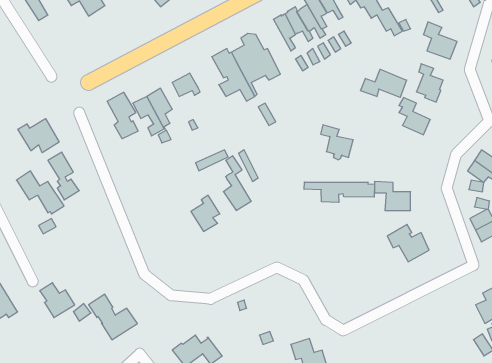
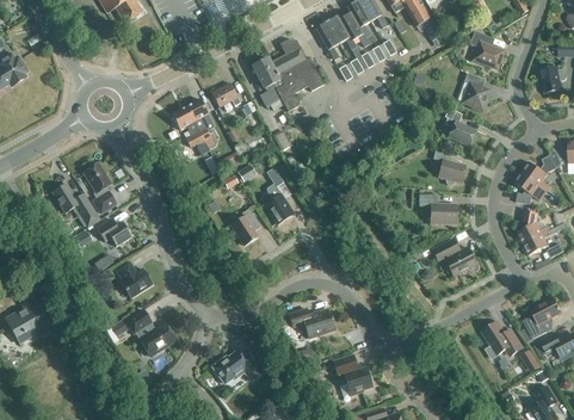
building: [360,69,407,97] -> none
building: [107,92,138,139] -> none
building: [18,119,59,153] -> none
building: [321,125,353,160] -> [432,149,465,185]
building: [304,182,375,202] -> none
building: none -> [97,218,131,246]
building: [40,283,75,318] -> [116,261,152,297]
building: none -> [288,308,334,338]
building: none -> [483,325,521,358]

